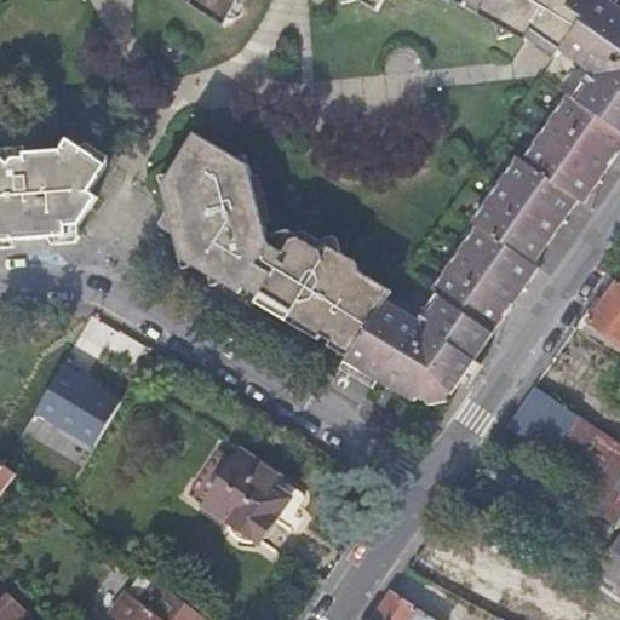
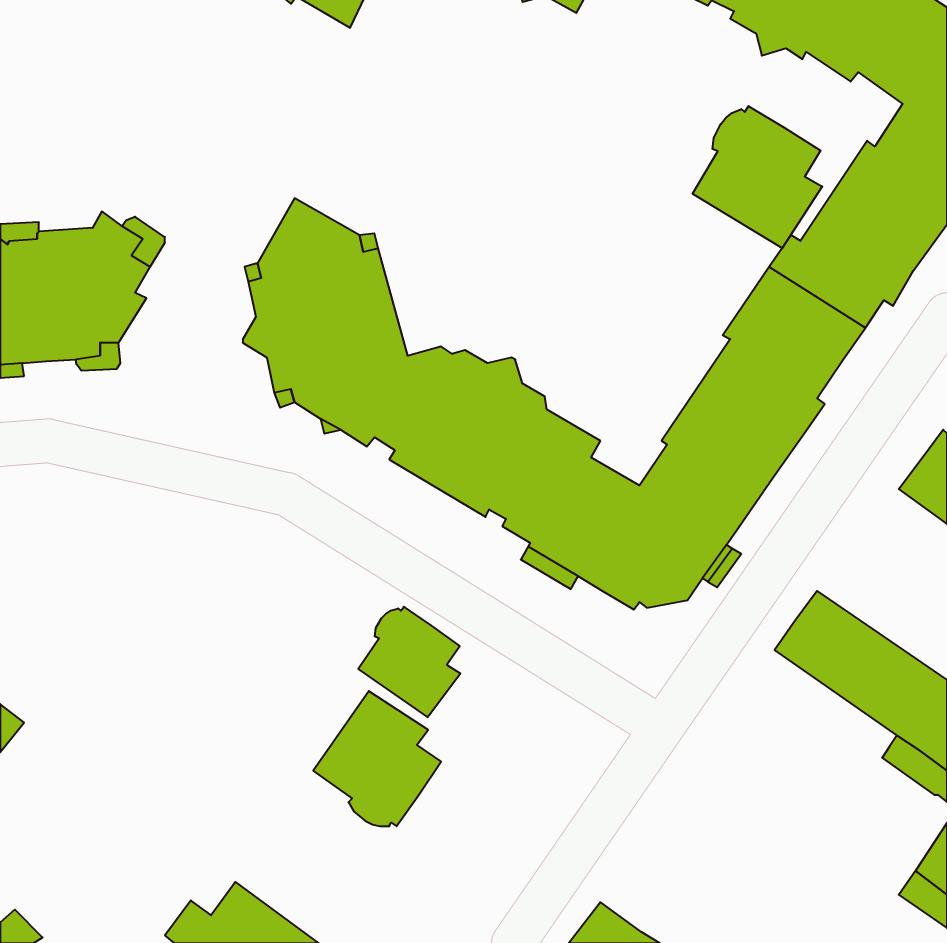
building: none -> [693,106,822,248]
building: [34,364,121,443] -> none
building: none -> [358,607,460,717]

